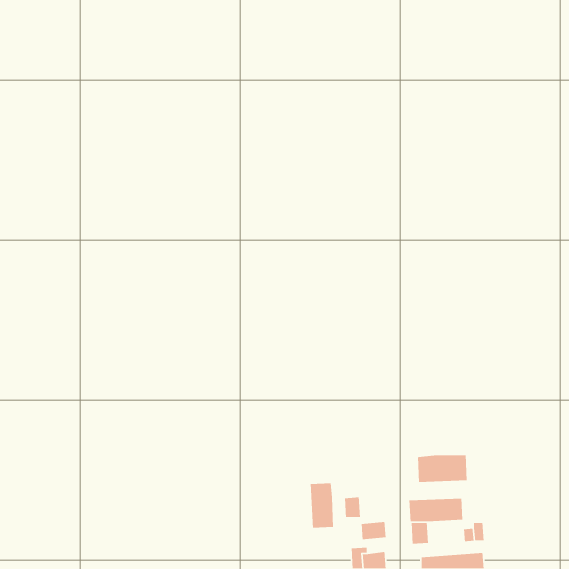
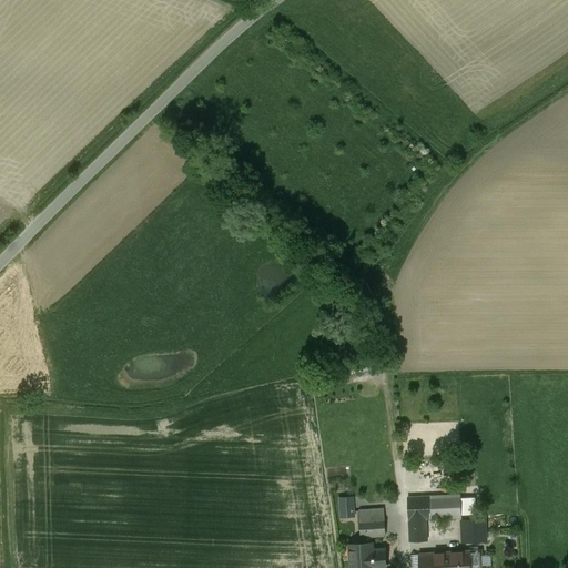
building: [417,454,468,483] -> none
building: [310,482,334,529] -> none

